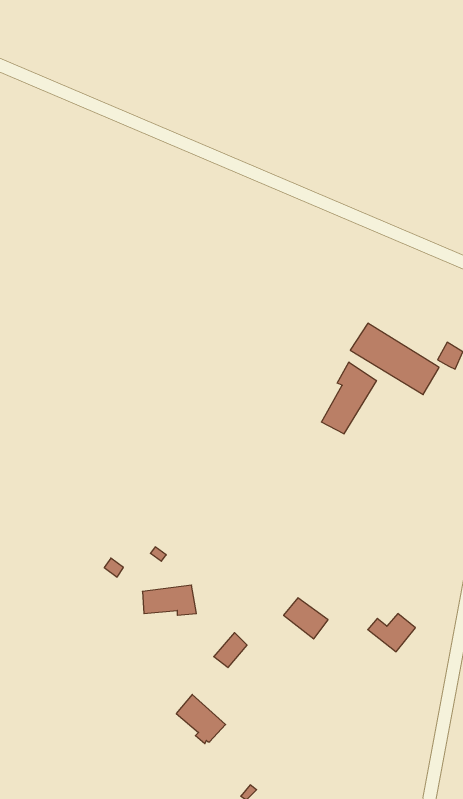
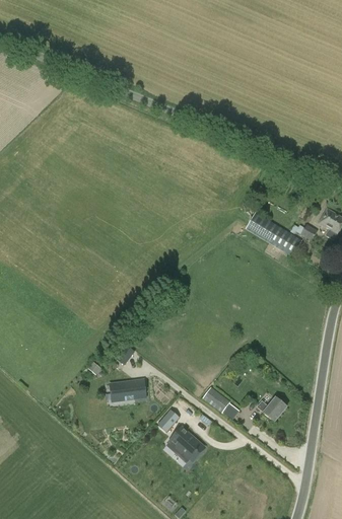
building: [321,362,376,434] -> none
building: [176,694,226,744] -> [170,427,202,458]

